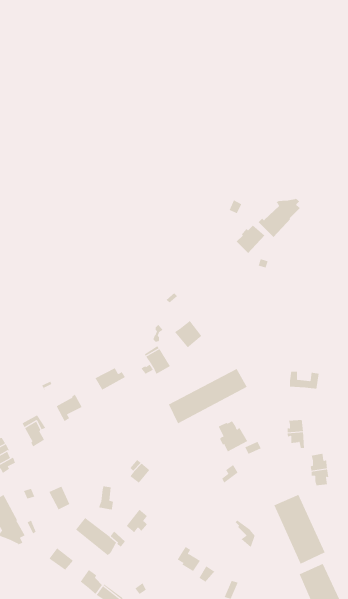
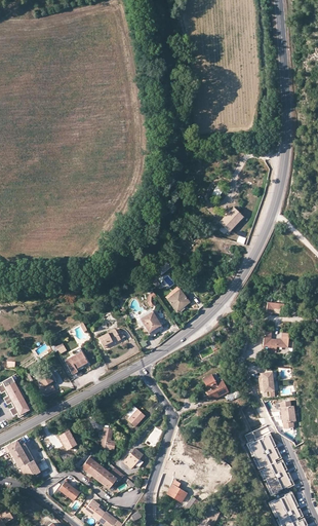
building: [258,198,301,238] -> none
building: [168,368,247,424] -> none

